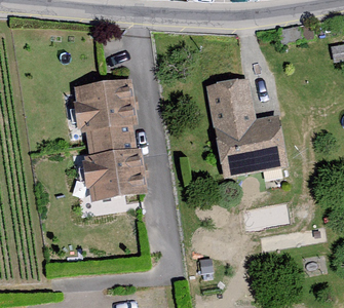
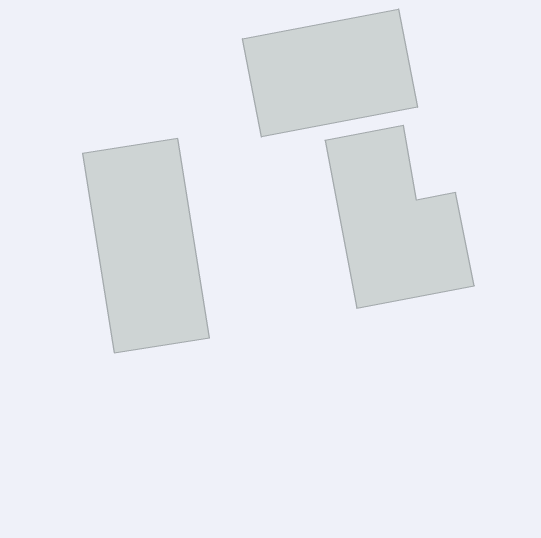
building: none -> [243,9,417,137]

